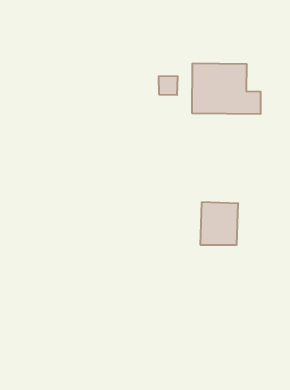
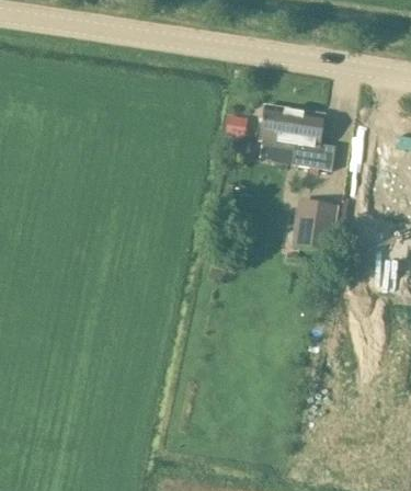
building: [200,202,238,245] -> [289,198,336,250]

